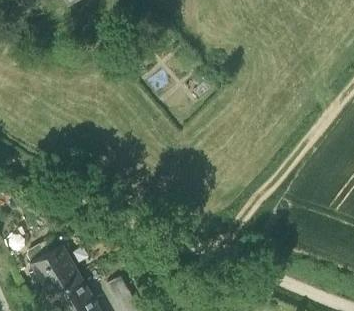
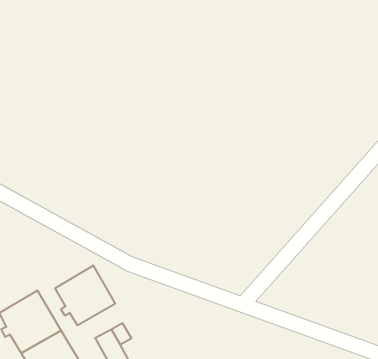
building: none -> [55,265,115,325]

